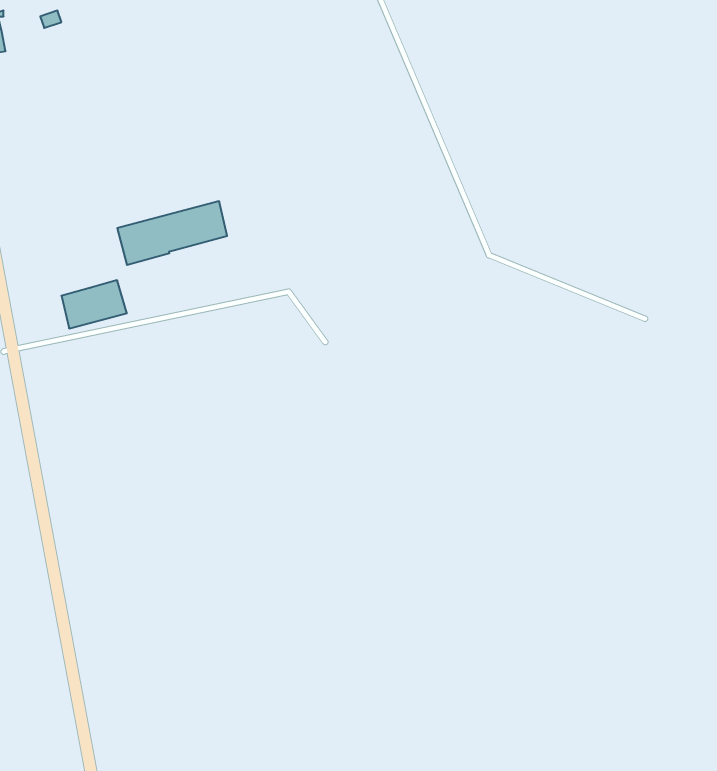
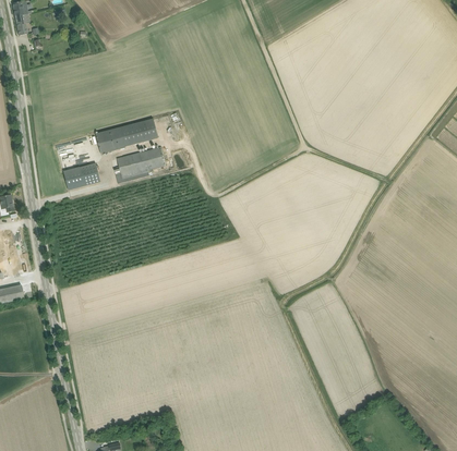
building: none -> [115,146,166,182]

